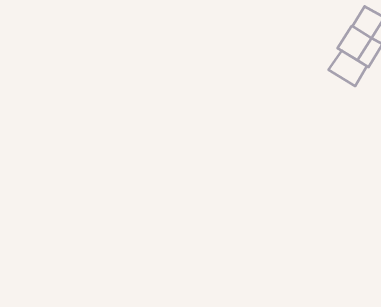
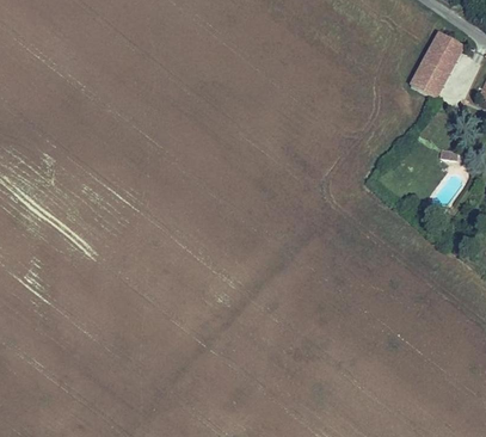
building: [329,51,367,86] -> none

